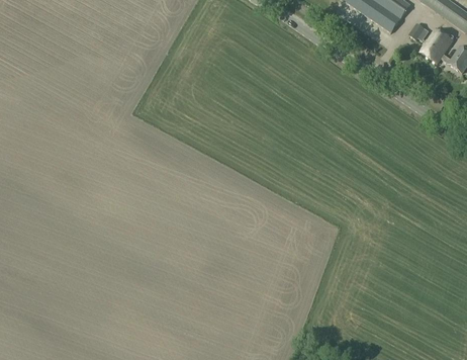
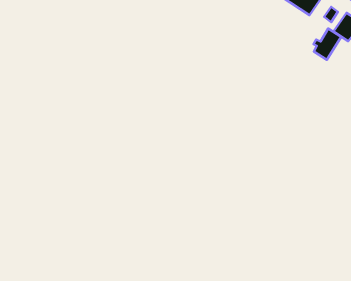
building: none -> [314,28,341,60]

